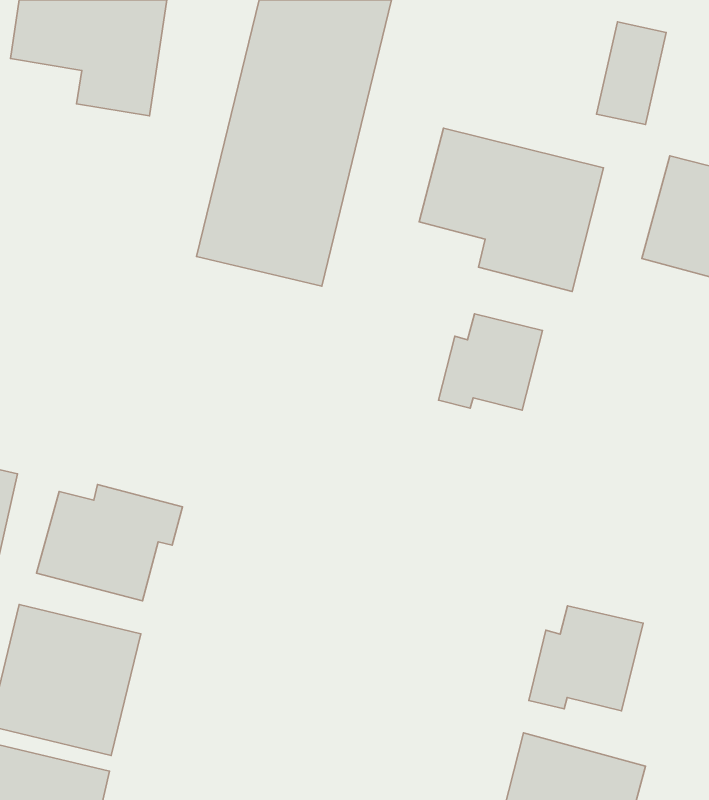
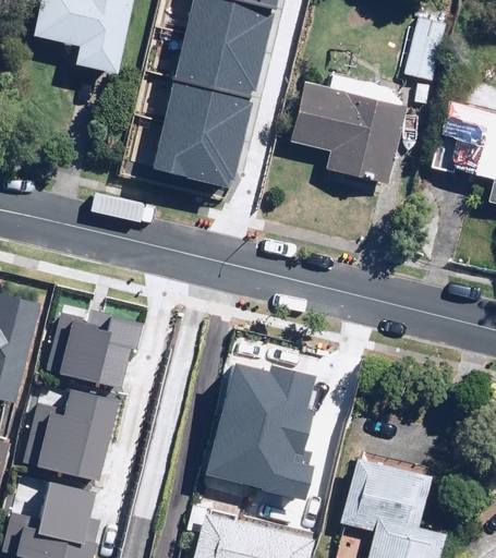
building: [438,314,543,410] -> none
building: none -> [202,357,315,490]
building: [529,606,643,711] -> none

